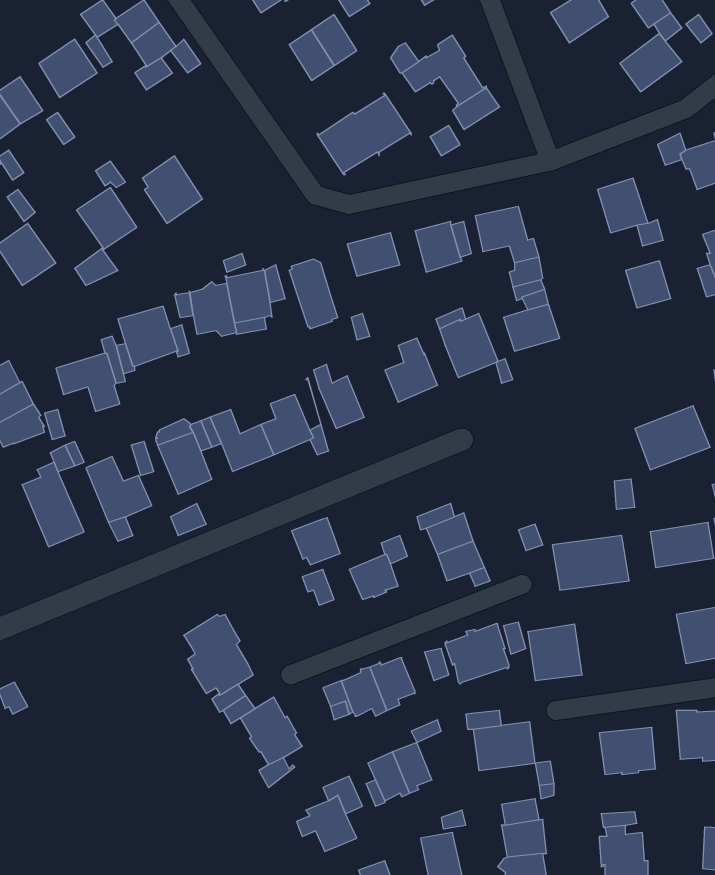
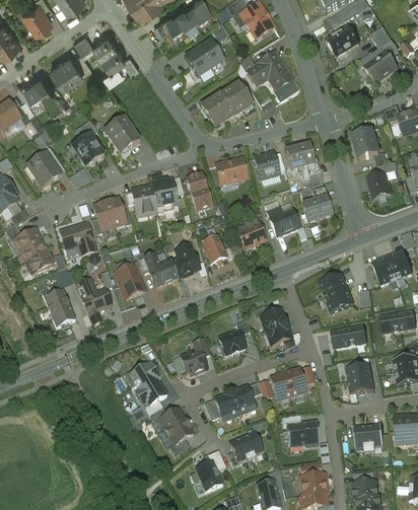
building: none -> [320,273,354,313]
building: [291,518,340,565] -> [180,351,206,376]
building: [528,624,582,681] -> [346,363,375,393]

